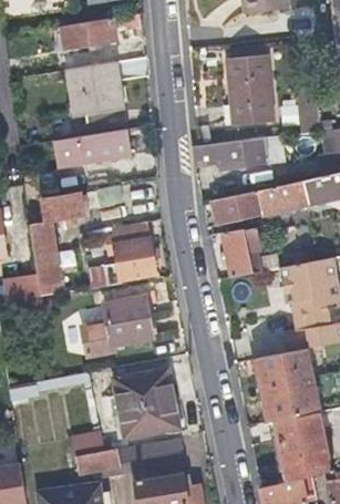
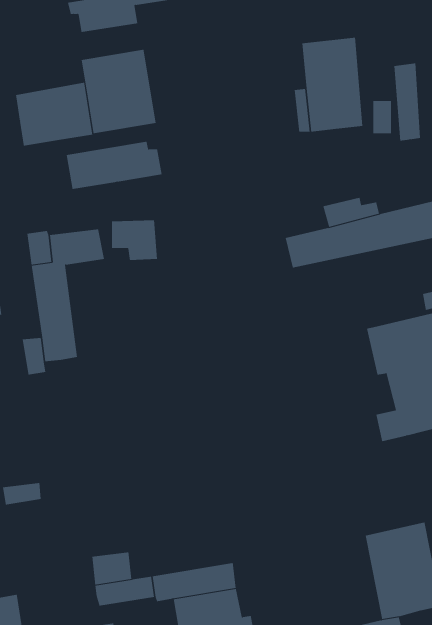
building: none -> [15,82,93,146]
building: [188,134,281,168] -> none
building: [223,228,265,277] -> none
building: [115,235,156,278] -> none
building: [72,296,152,357] -> none
building: [257,347,318,421] -> none
building: [113,373,176,438] -> none

